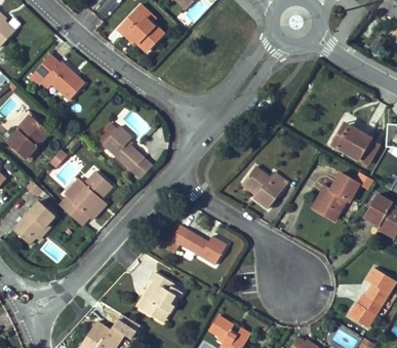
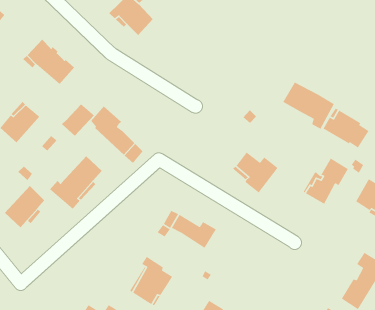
building: none -> [282,81,335,130]
building: none -> [61,104,95,137]

